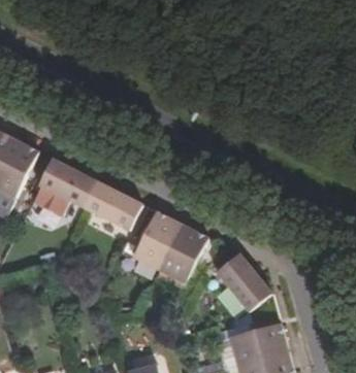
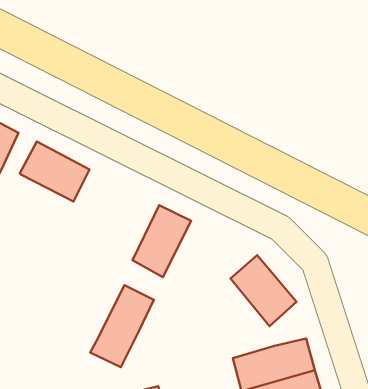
building: [84,180,141,231] -> none
building: [154,224,207,293] -> [90,285,154,367]

